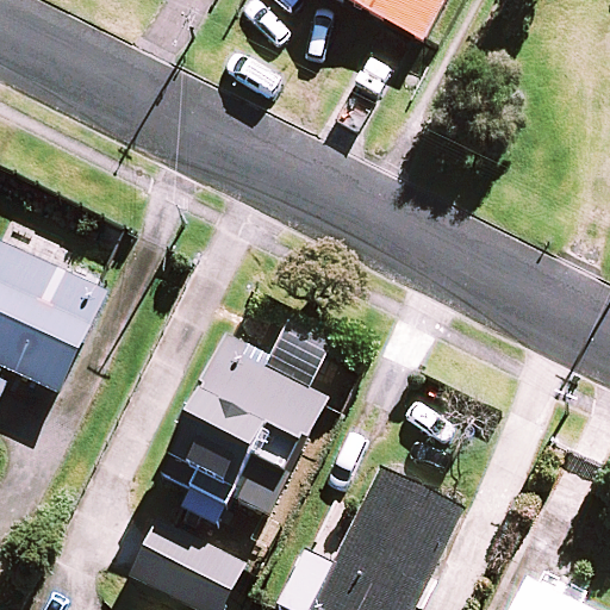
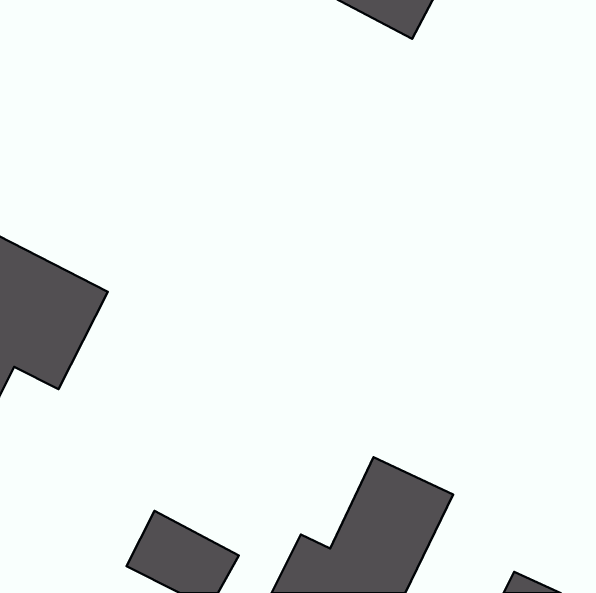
building: [166,324,329,515] -> none

